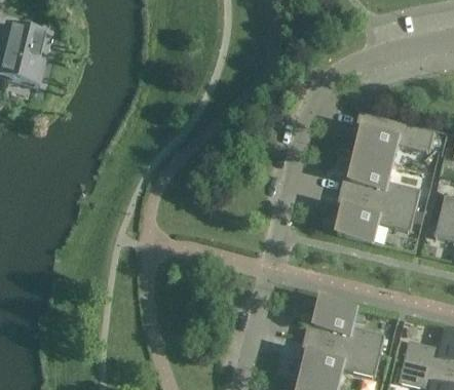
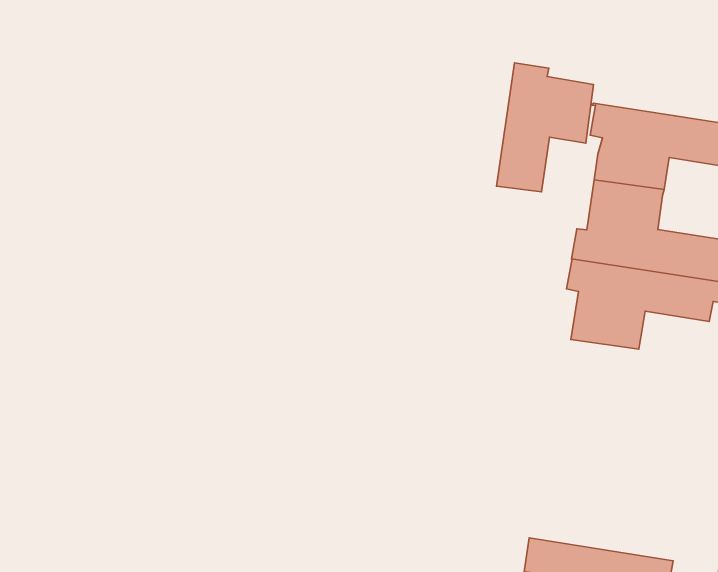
building: none -> [496,63,593,192]
building: [304,298,382,353] -> none

